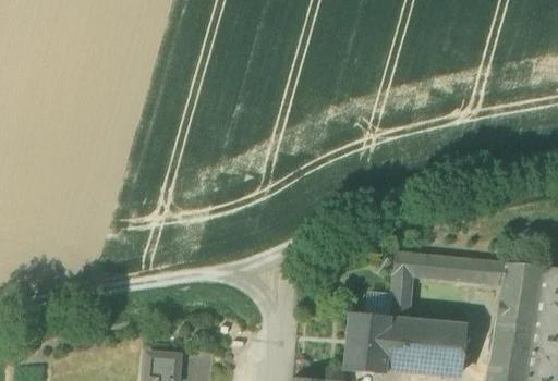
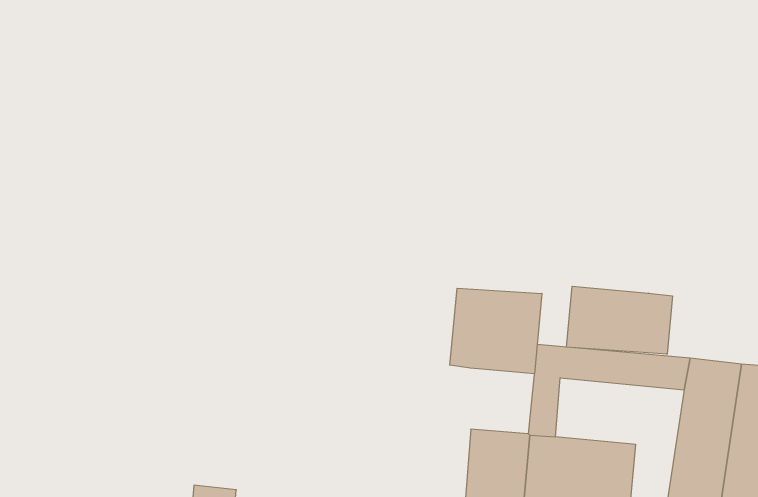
building: none -> [566,286,672,354]
building: none -> [450,288,542,374]

